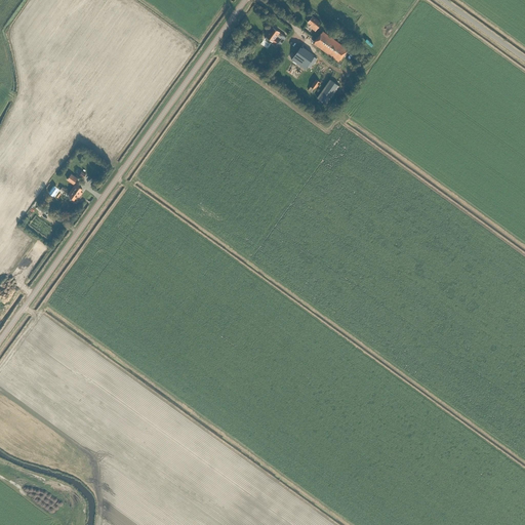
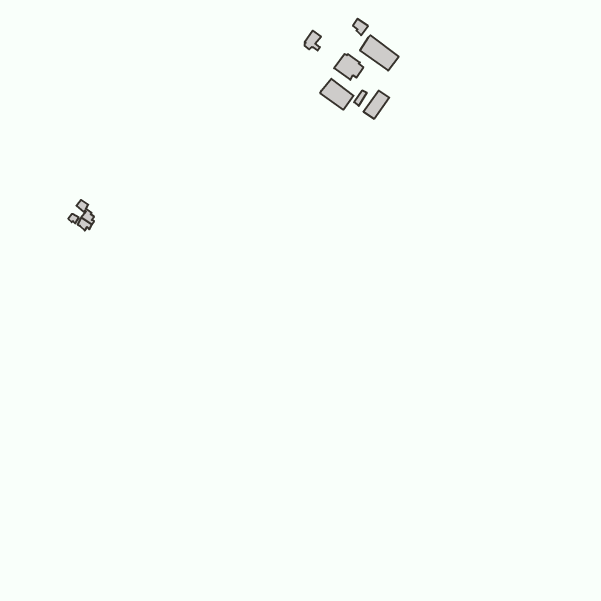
building: none -> [320,79,354,110]

